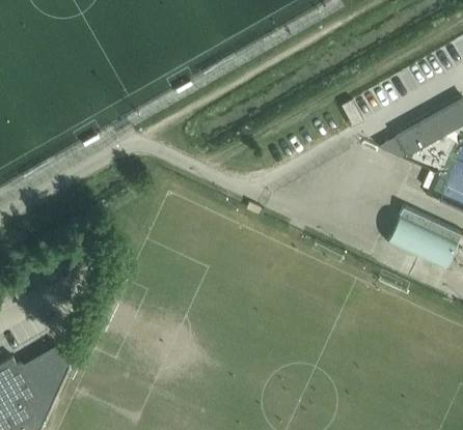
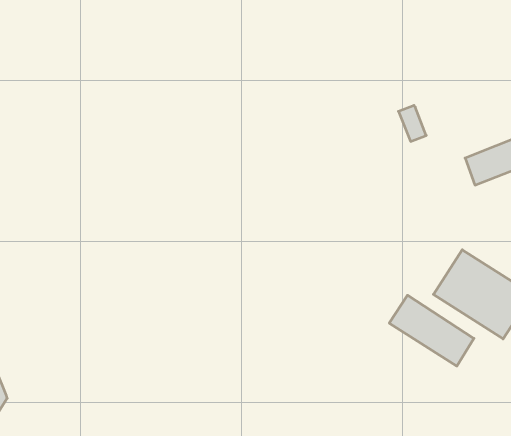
building: none -> [389,295,474,366]

